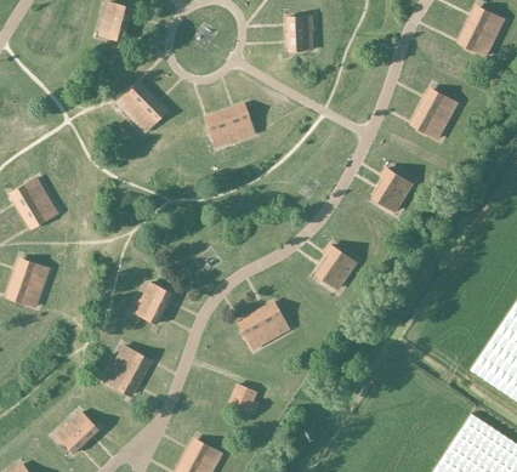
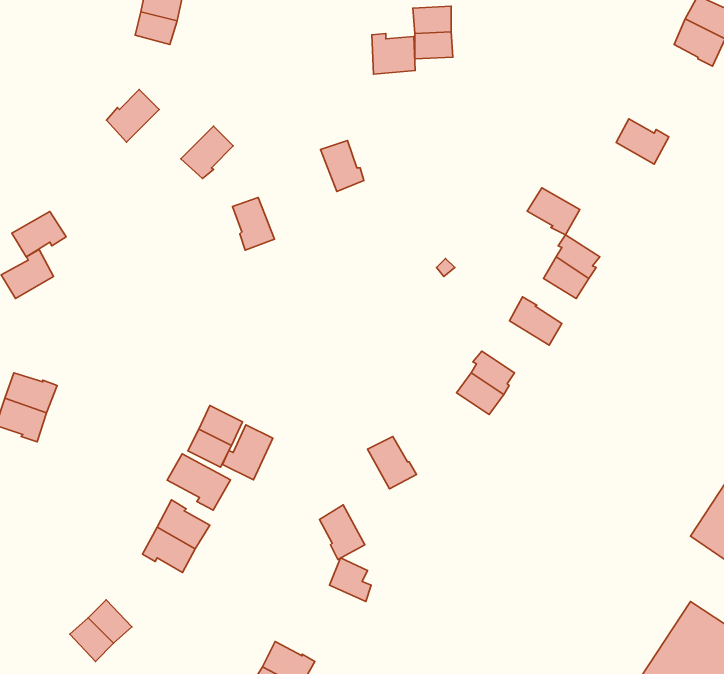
building: none -> [372,34,415,74]
building: [117,83,152,118] -> [107,89,159,142]
building: [411,107,447,138] -> [527,188,580,235]
building: [206,112,234,147] -> [233,197,274,250]
building: [19,197,56,227] -> [12,211,66,257]
building: none -> [510,297,562,345]
building: none -> [222,425,273,480]
building: [239,312,269,348] -> [320,505,365,559]
building: none -> [167,454,230,510]

